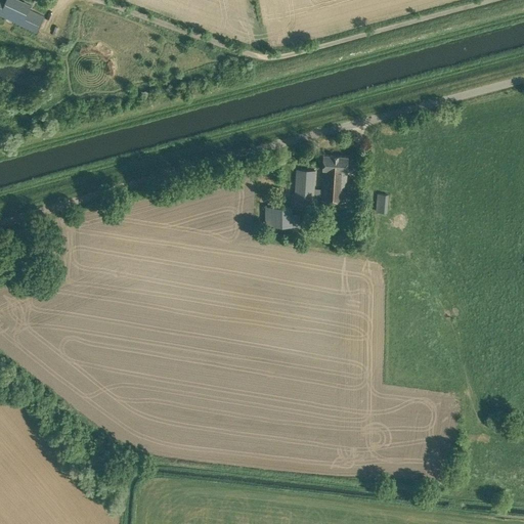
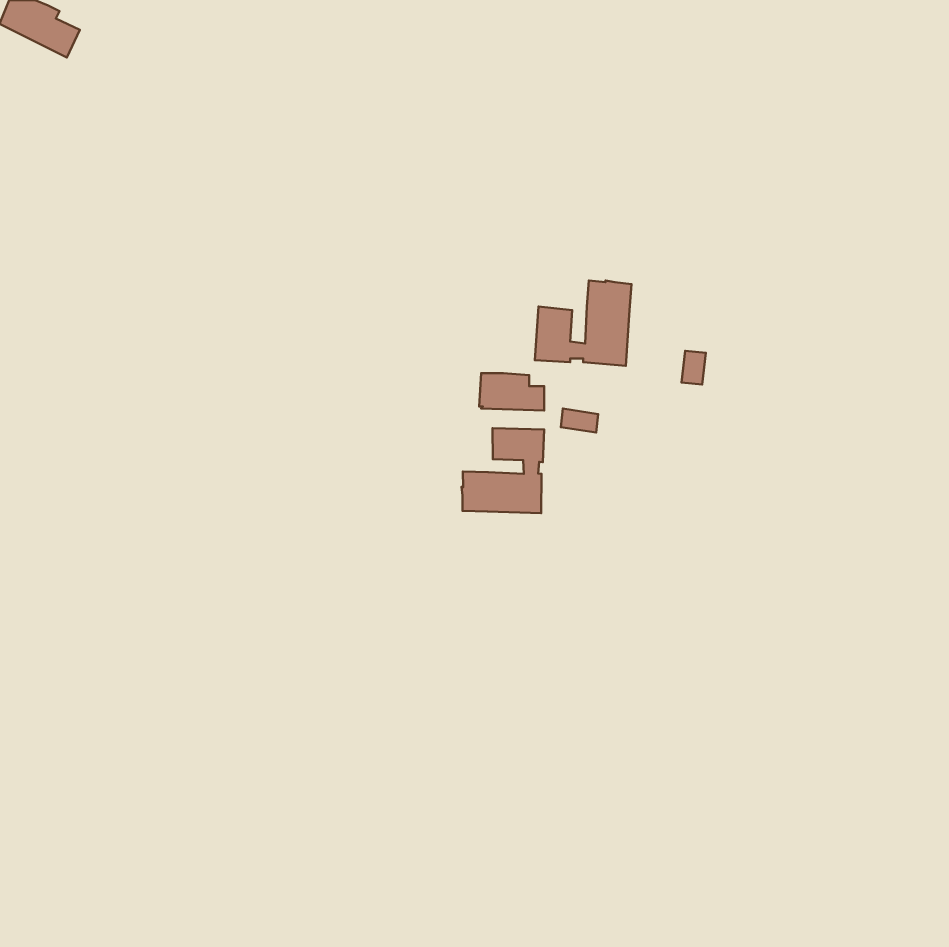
building: none -> [461,428,544,513]

